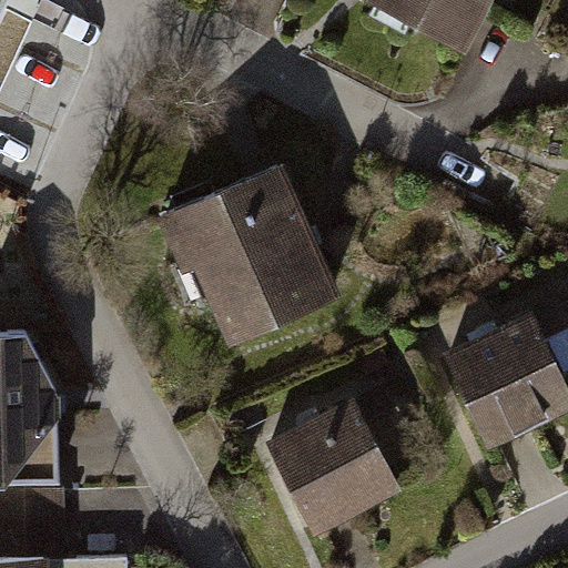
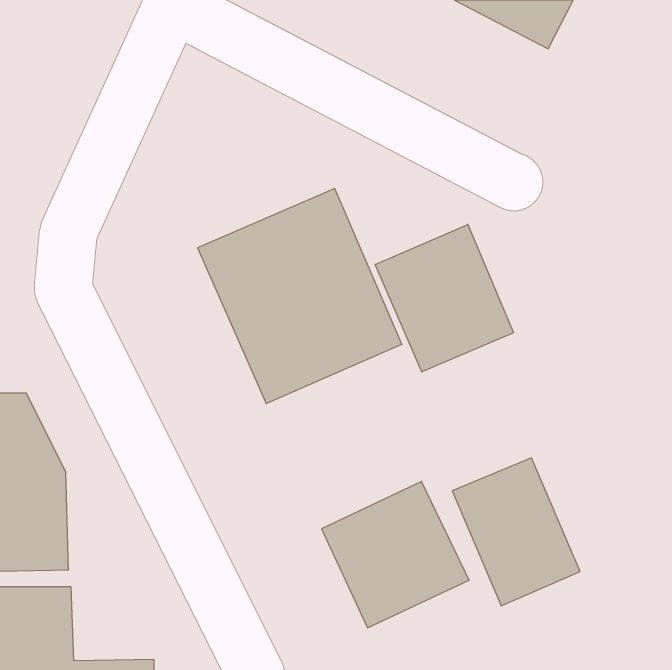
building: none -> [375,224,513,372]
building: [452,327,559,452] -> [452,458,580,606]

